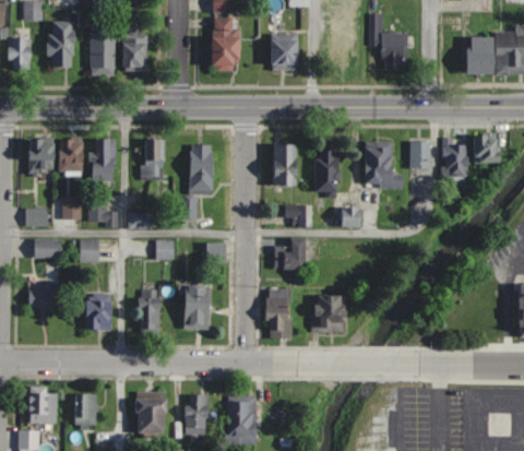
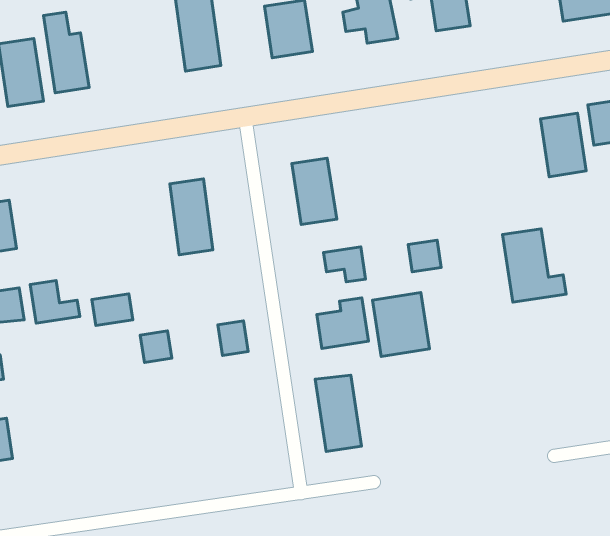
building: [141,138,163,180] -> none
building: [93,139,115,180] -> none
building: [366,141,402,187] -> [503,229,566,302]
building: [409,141,430,169] -> none
building: [315,149,338,193] -> none
building: [79,239,98,263] -> none
building: [186,286,210,329] -> none
building: [139,290,159,333] -> none
building: [86,294,111,330] -> none
building: [312,295,345,333] -> [372,293,429,356]

